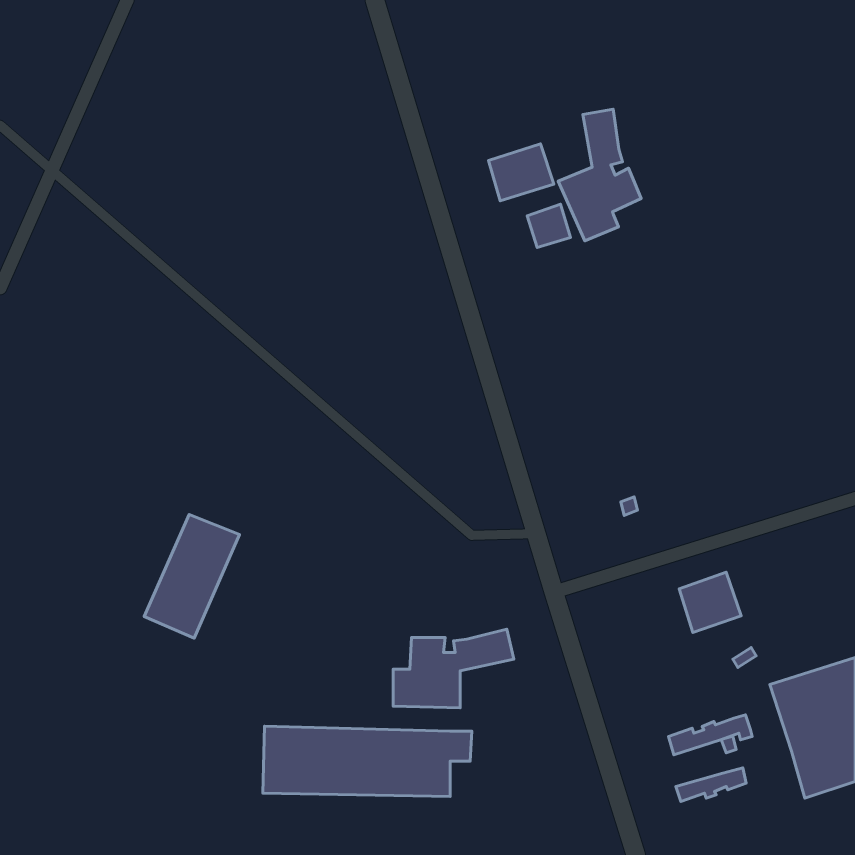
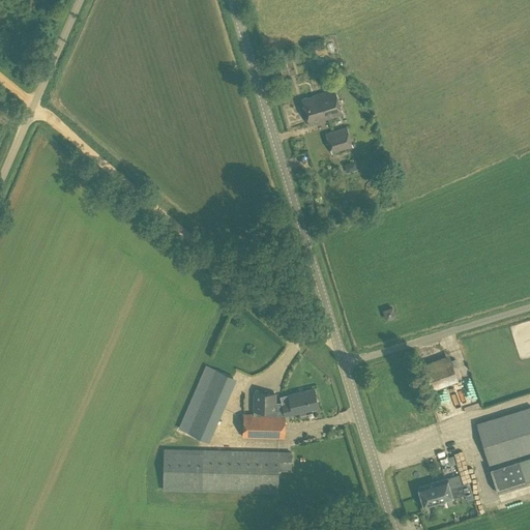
building: [558,109,641,241] -> none
building: [144,515,239,638] -> [178,365,237,442]
building: [669,715,752,755] -> [421,482,473,507]

